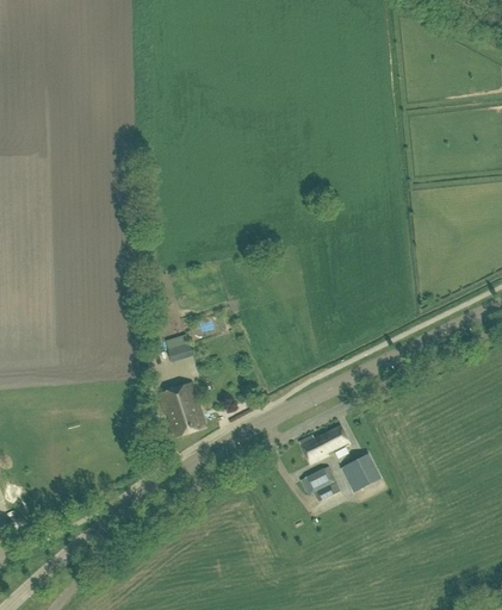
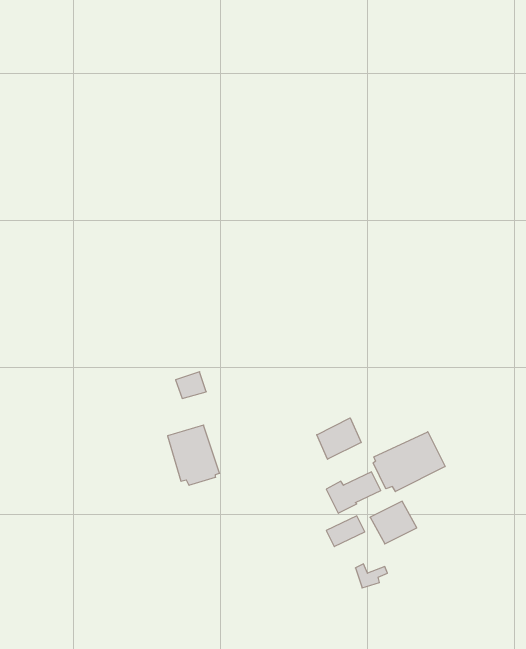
building: none -> [317,418,361,459]
building: none -> [373,432,445,492]

